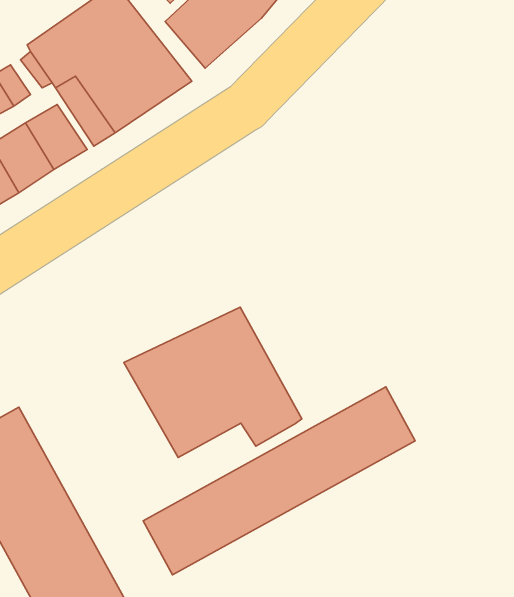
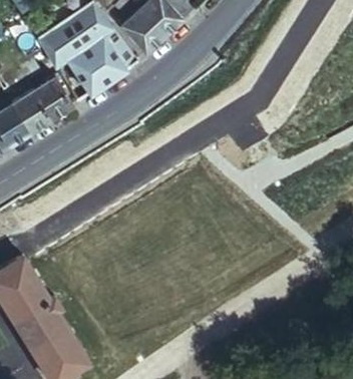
building: [124,307,302,457] -> none
building: [143,387,415,575] -> none

